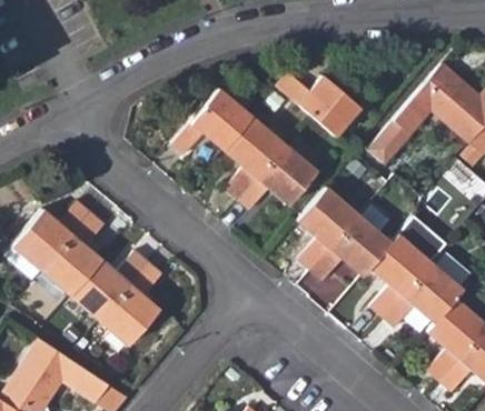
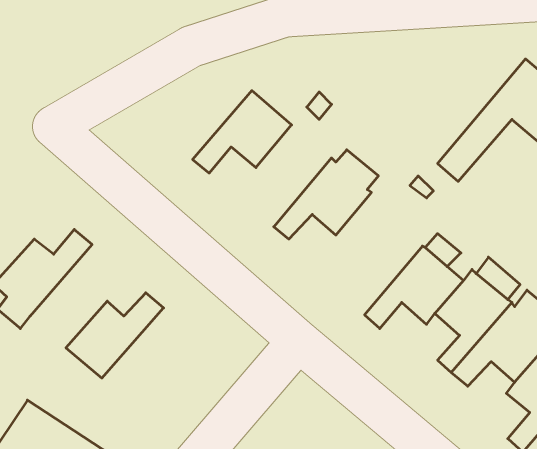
building: [277,73,359,137] -> none
building: [224,117,285,199] -> none
building: [295,186,358,270] -> none
building: [41,213,105,297] -> none
building: [99,264,161,345] -> none

